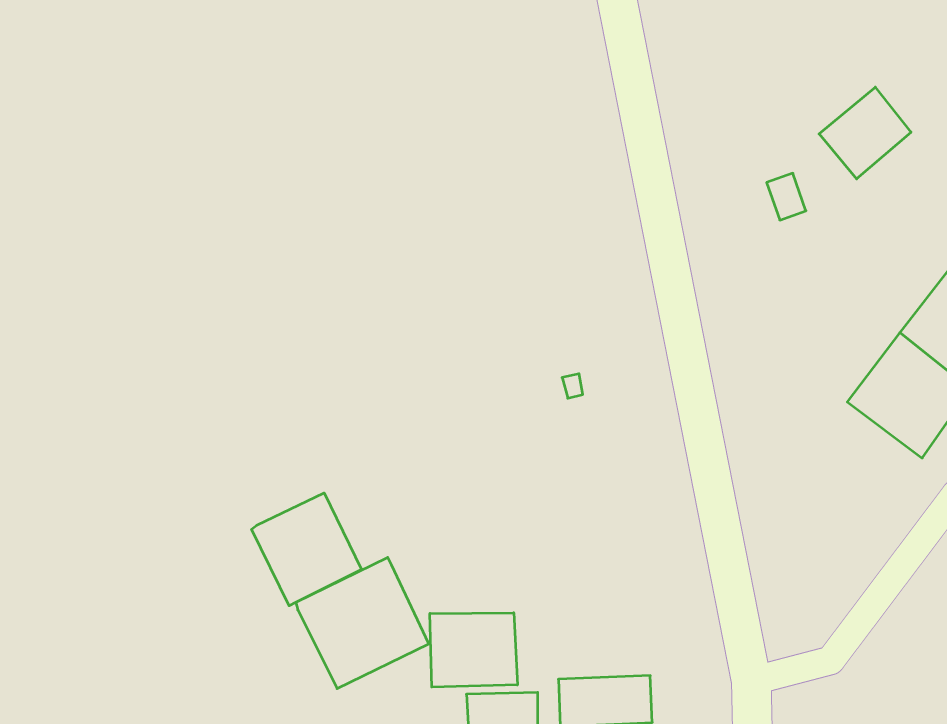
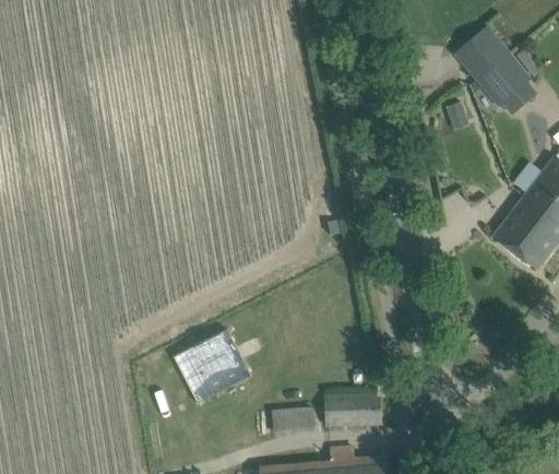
building: none -> [455,26,511,81]
building: [252,493,361,606] -> none
building: [430,613,517,687] -> none

